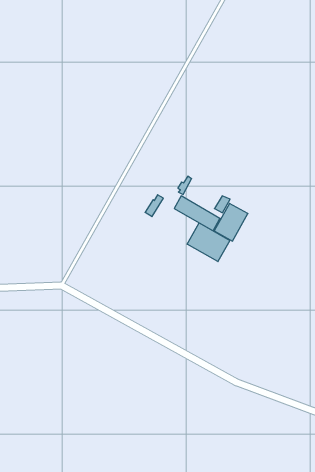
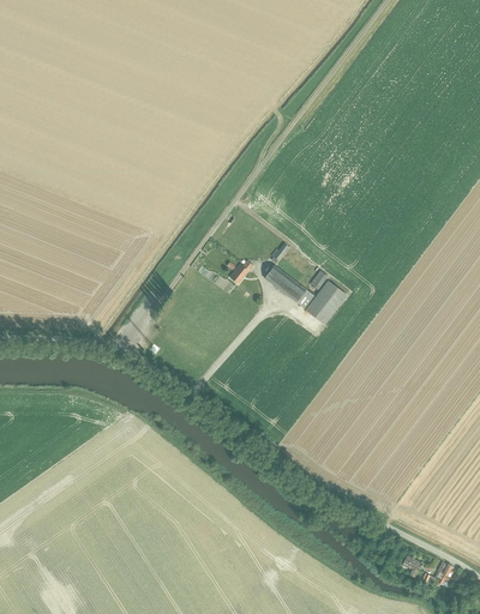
building: [187,223,230,262] -> none

